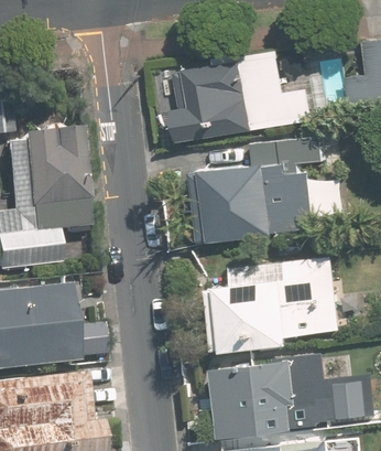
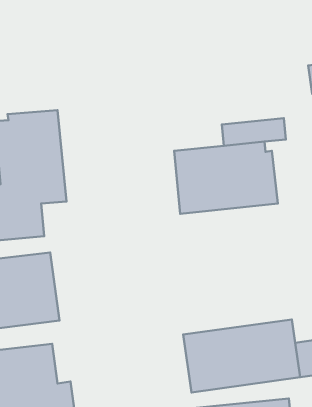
building: [178,55,309,141] -> none
building: [211,256,337,350] -> none

